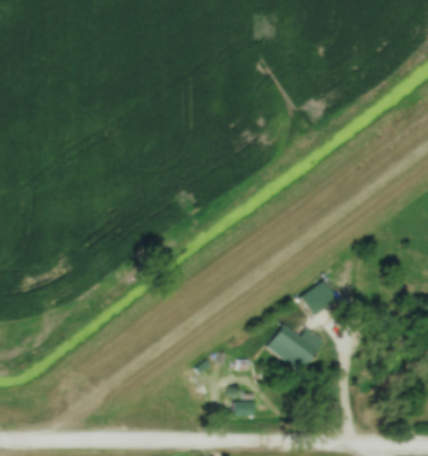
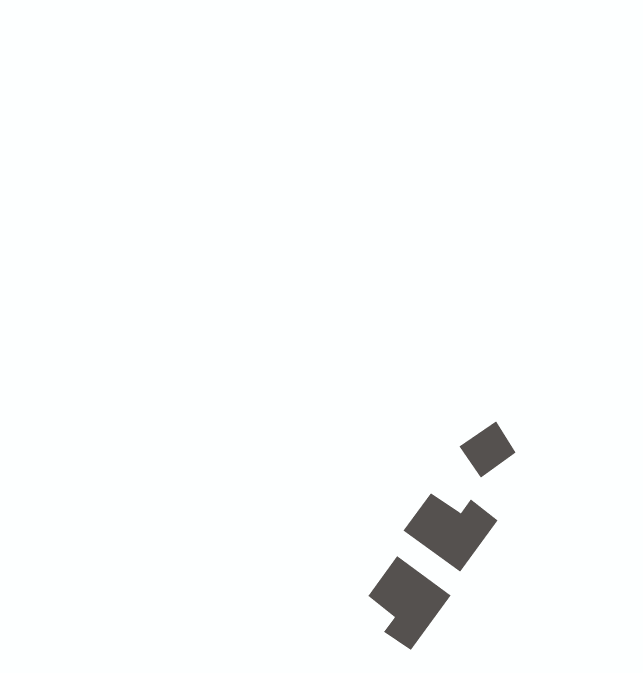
building: none -> [368,555,451,651]

